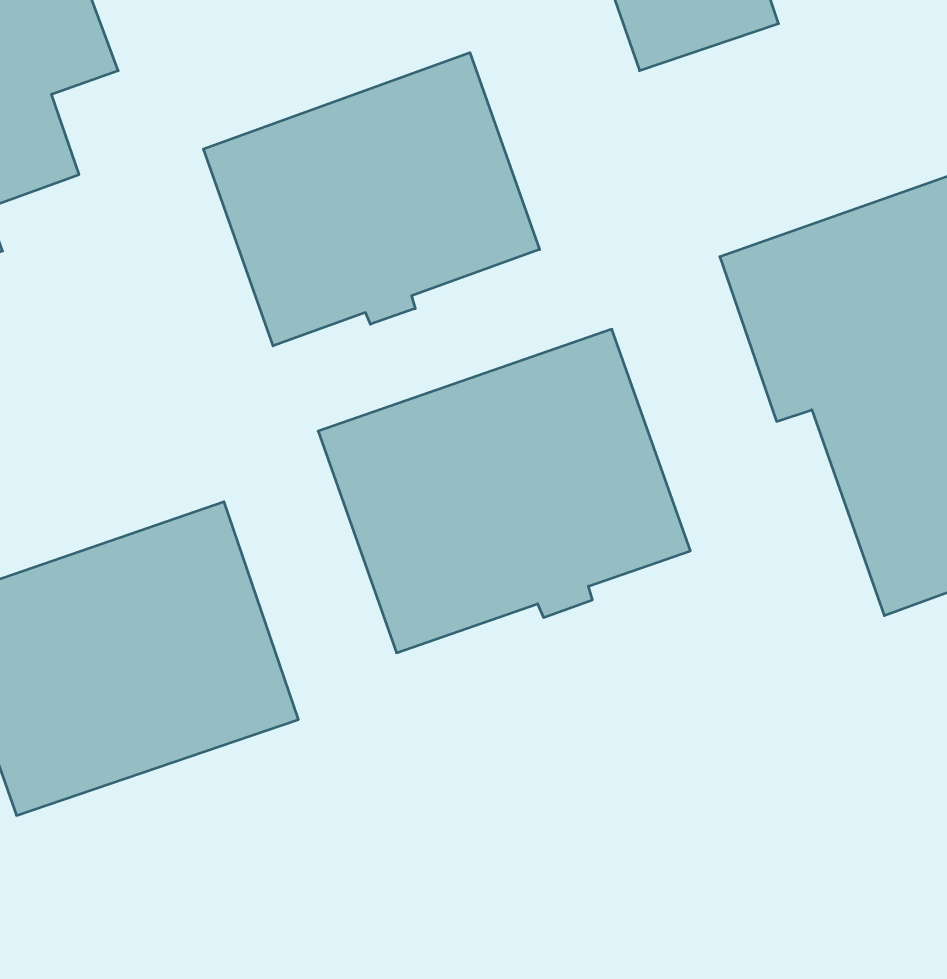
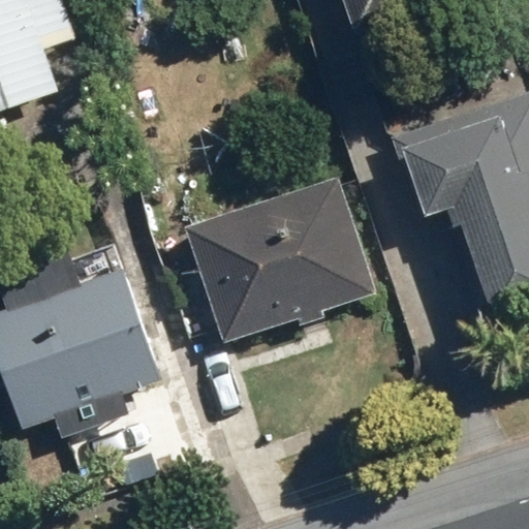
building: [203,53,540,346] -> none

